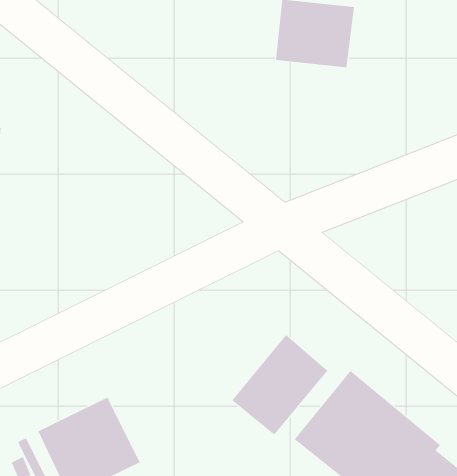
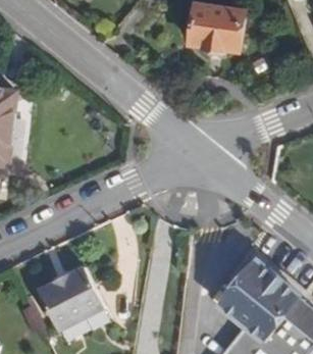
building: [232,334,328,435] -> none

